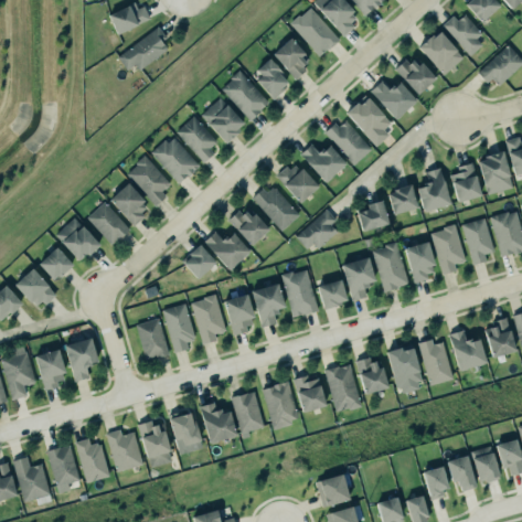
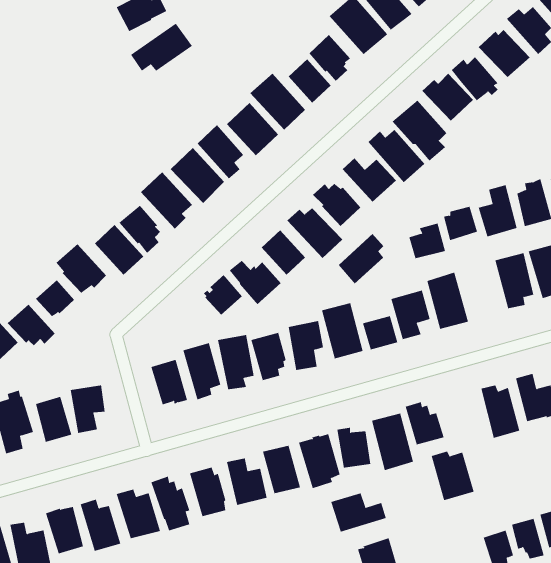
building: [405,243,437,281] -> none
building: [385,344,423,387] -> [431,451,474,501]
building: none -> [331,492,387,532]

